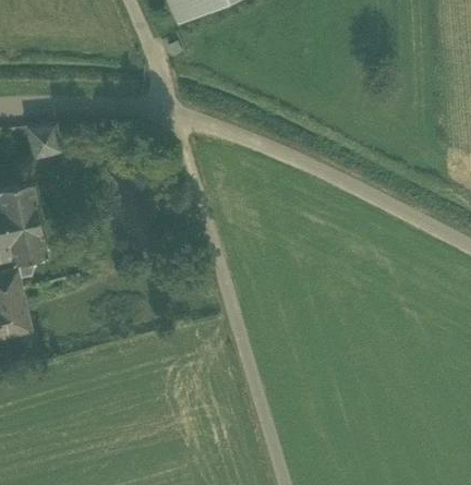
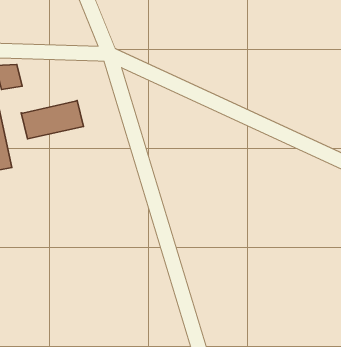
building: none -> [21,101,84,139]

